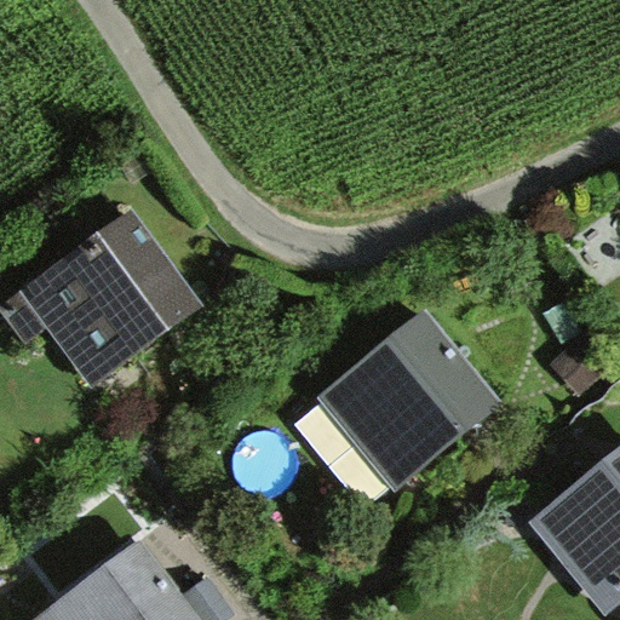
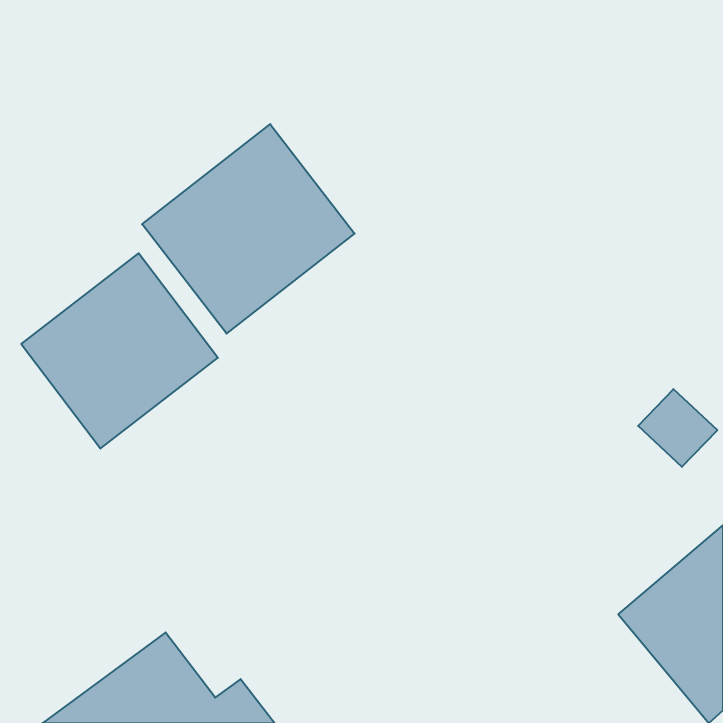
building: none -> [142,124,355,334]
building: [315,310,503,493] -> none

